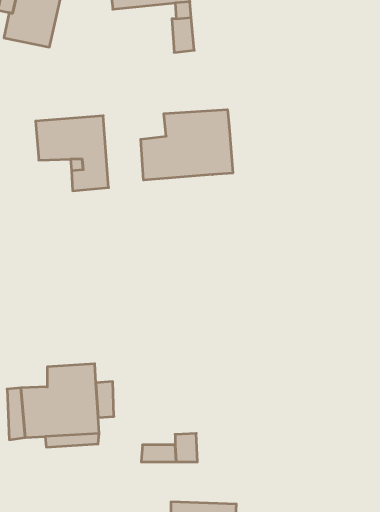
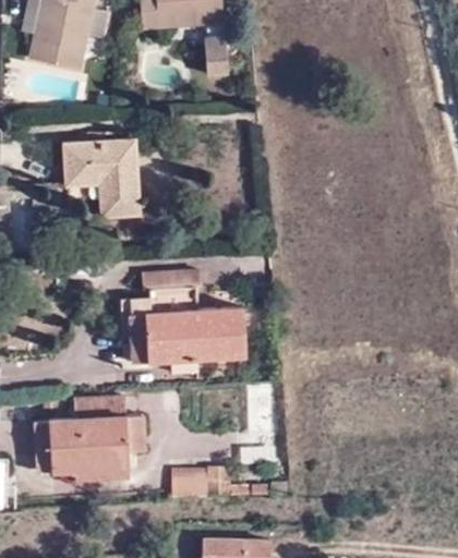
building: [141,110,233,180] -> none
building: none -> [128,268,244,371]

